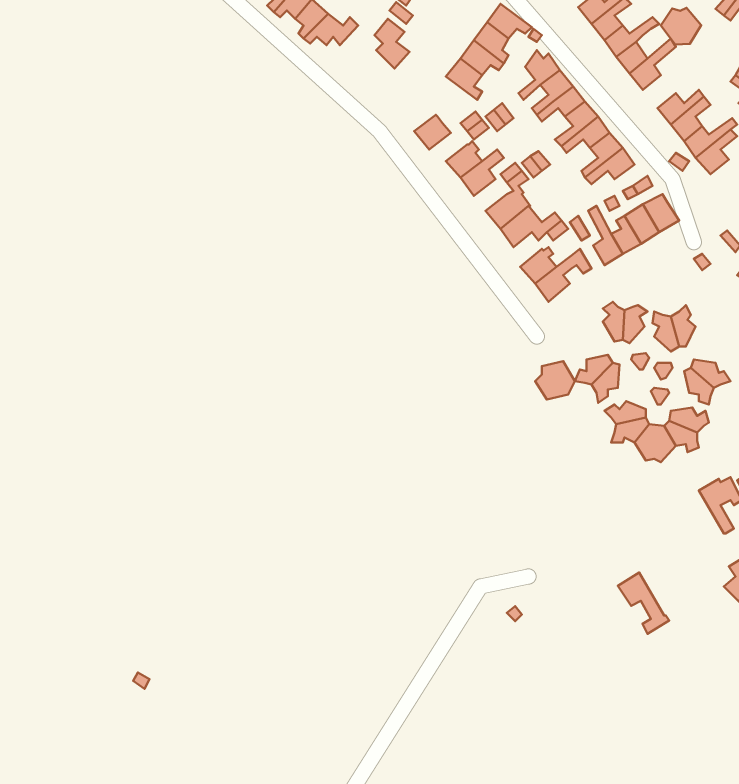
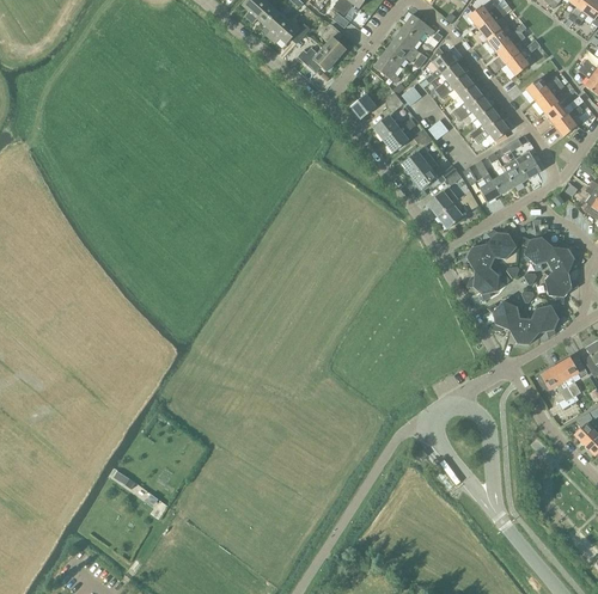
building: [661,8,701,44] -> none
building: none -> [298,47,336,72]
building: none -> [547,246,575,272]
building: [535,361,575,399] -> [466,243,495,270]
building: [618,573,669,634] -> [541,365,578,409]

